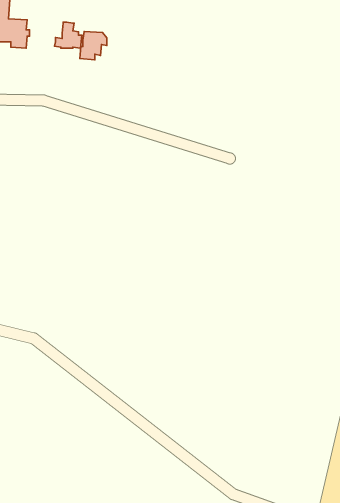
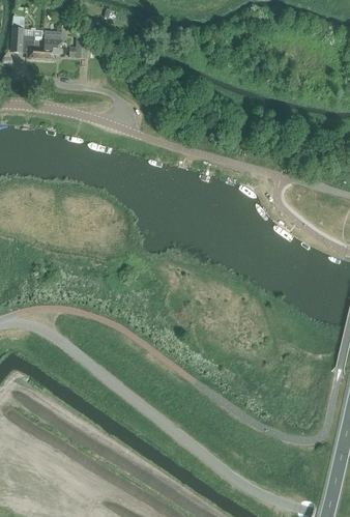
building: [80,31,107,60] -> [39,32,65,59]

